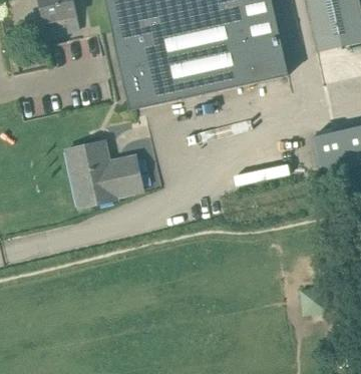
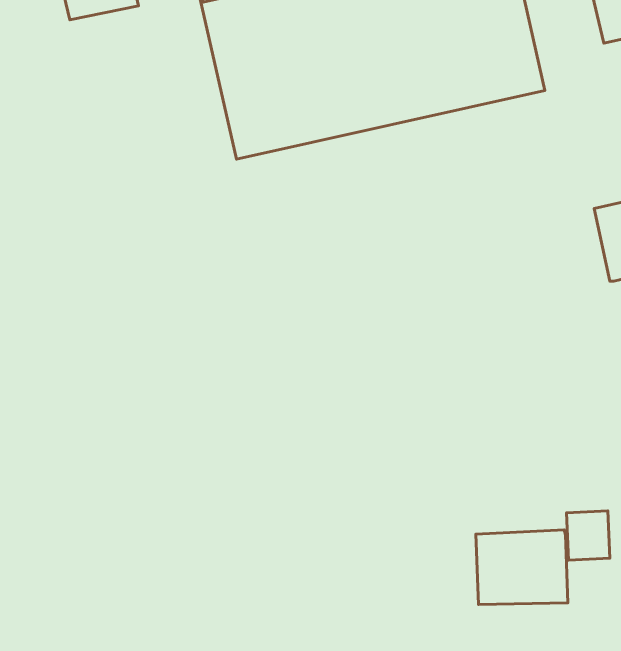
building: [66,138,142,206] -> none
building: none -> [476,530,568,605]

